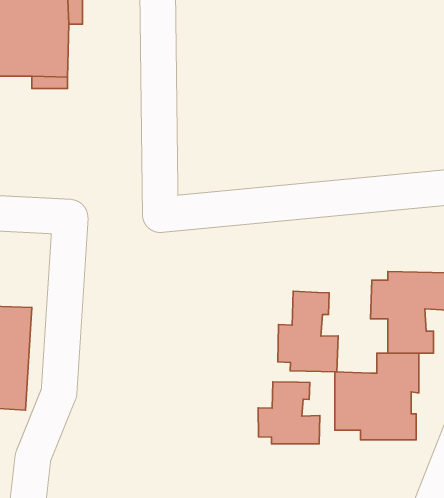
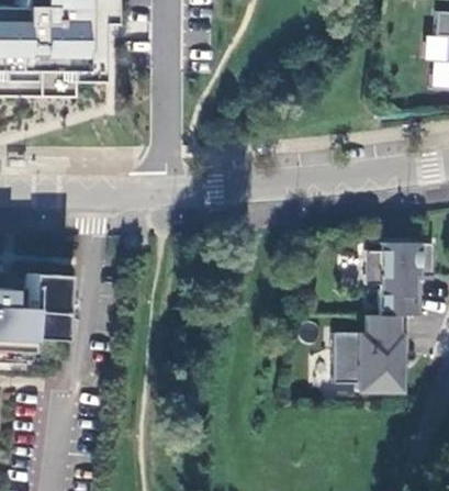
building: [278,291,338,372] -> none
building: [258,382,320,444] -> none

